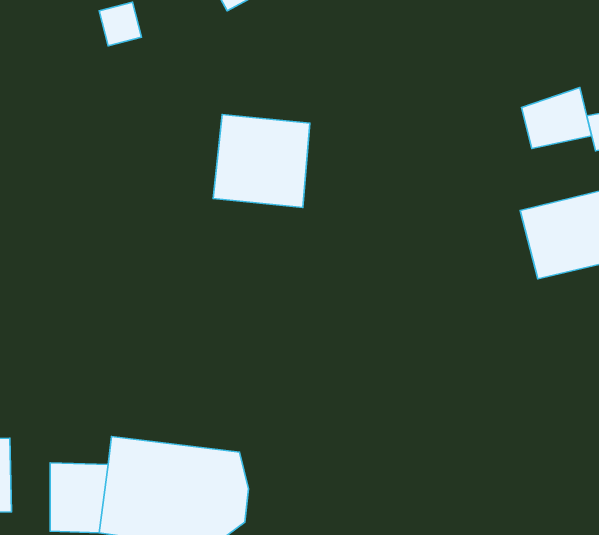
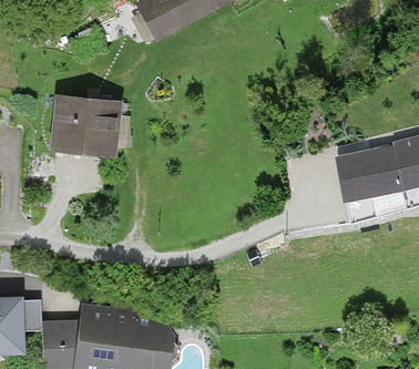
building: [521,87,592,148] -> none
building: [213,115,310,207] -> [53,93,114,152]

